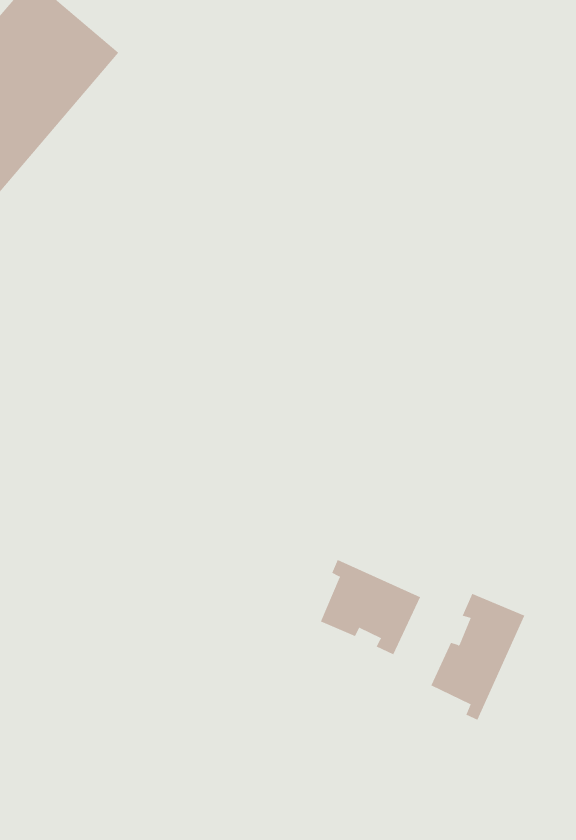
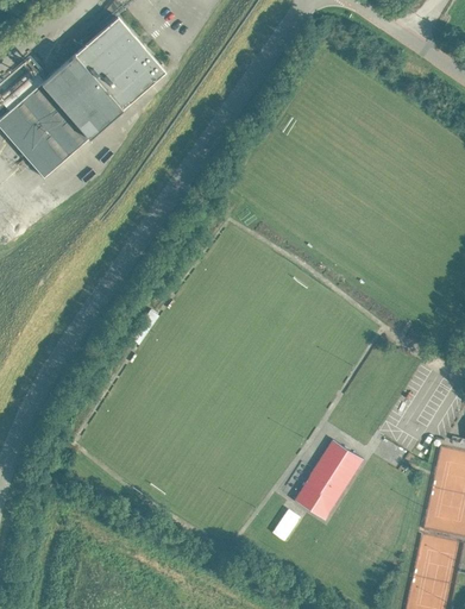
building: [320,559,421,655] -> none

